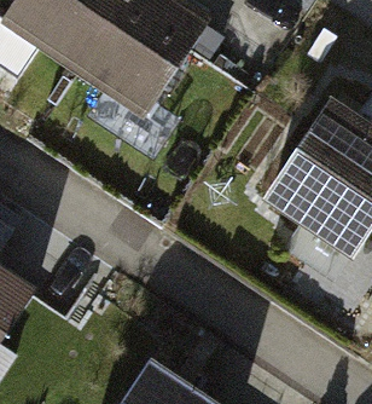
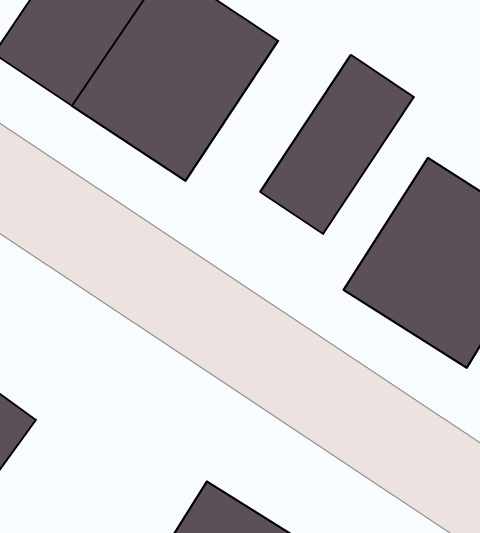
building: none -> [260,55,414,234]

